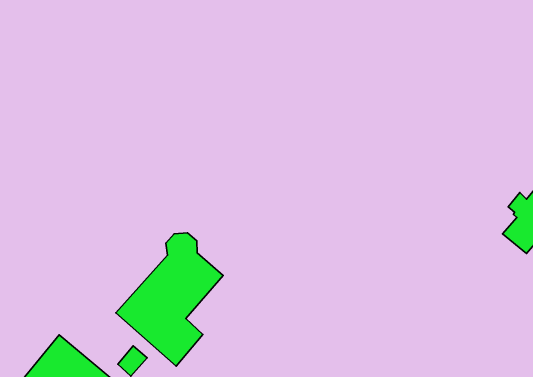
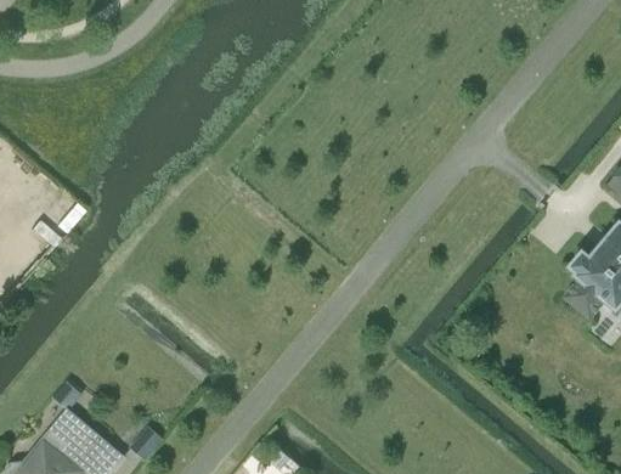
building: [116,233,223,366] -> none

